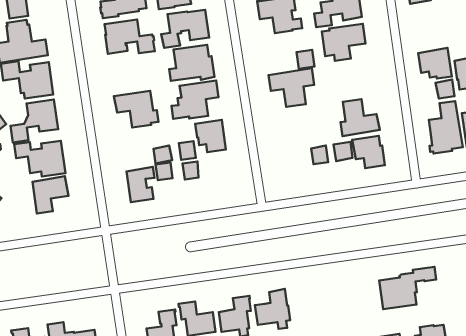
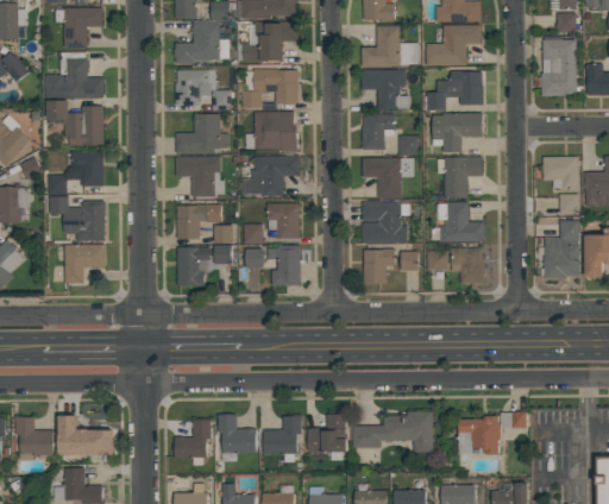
building: none -> [362,114,394,150]
building: none -> [175,113,228,153]
building: none -> [437,157,483,197]
building: none -> [362,201,409,242]
building: none -> [176,204,220,240]
building: none -> [363,248,394,283]
building: none -> [266,245,300,285]
building: none -> [352,411,432,452]

